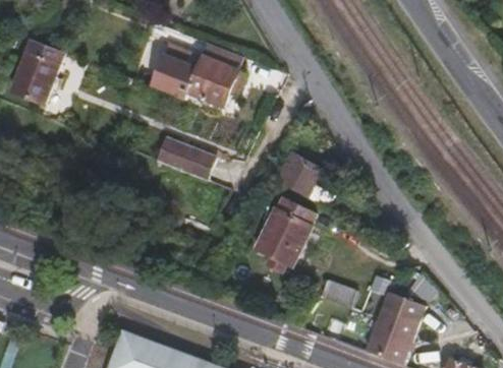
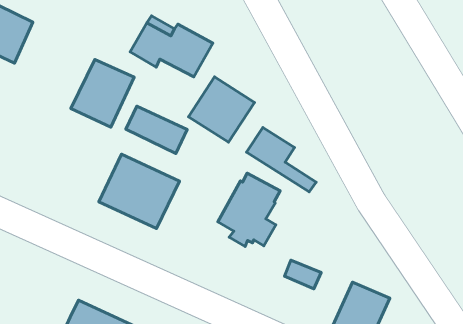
building: none -> [71,59,134,127]
building: none -> [188,77,255,142]
building: none -> [99,154,179,229]

